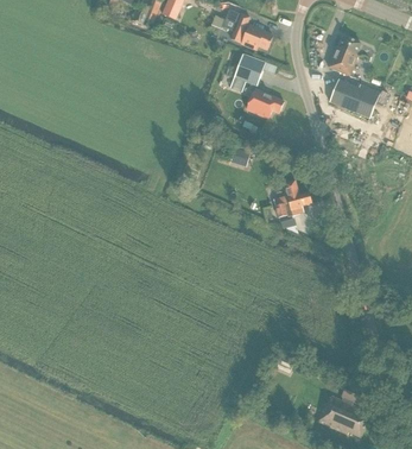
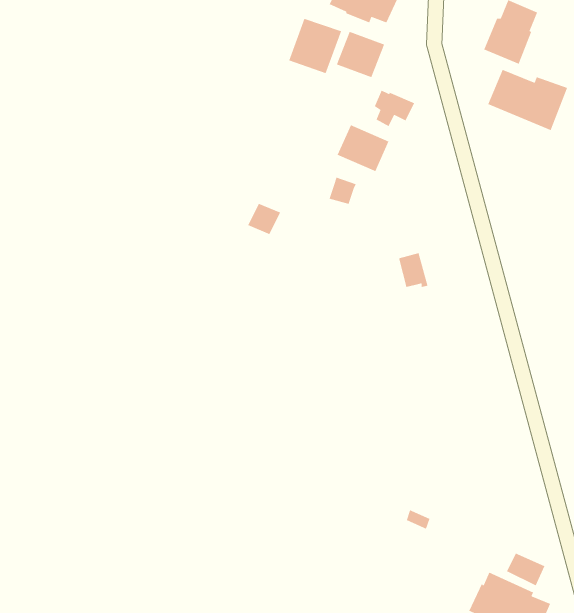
building: none -> [288,18,342,74]
building: none -> [337,124,390,172]
building: [283,178,310,215] -> none

